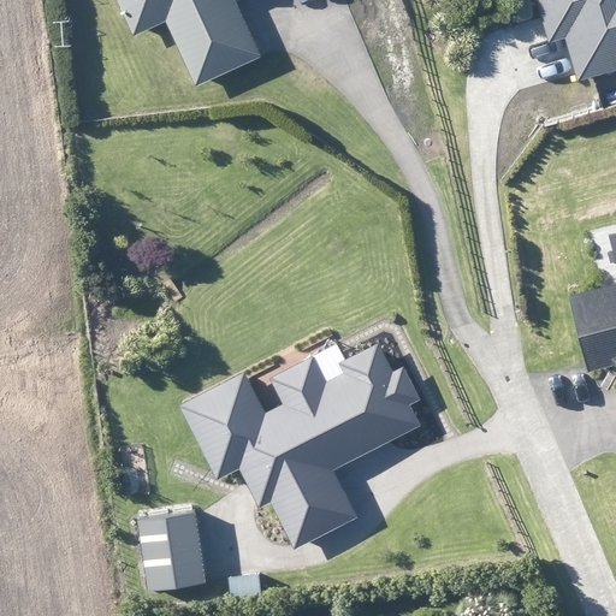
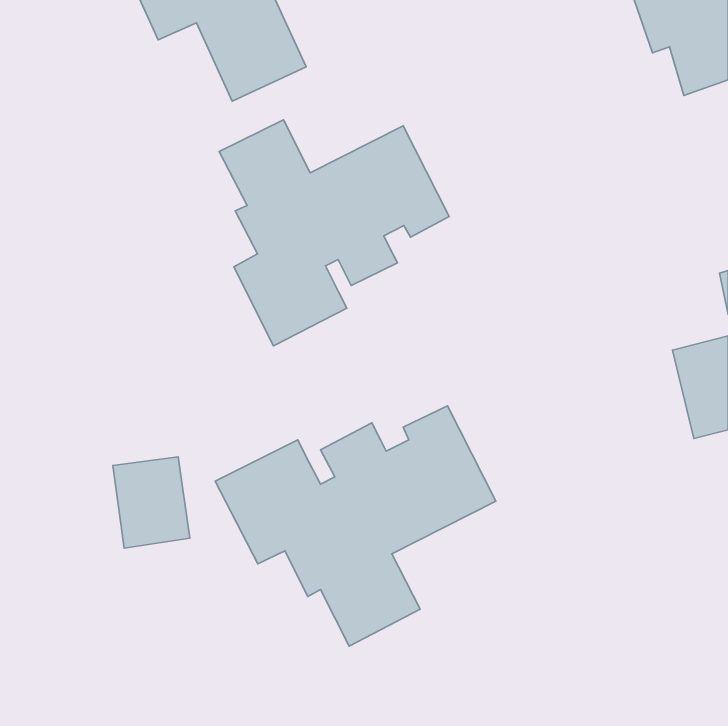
building: none -> [219,120,449,346]
building: [138,511,203,588] -> [113,457,190,548]

